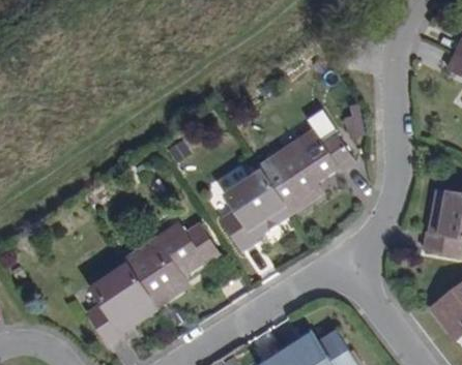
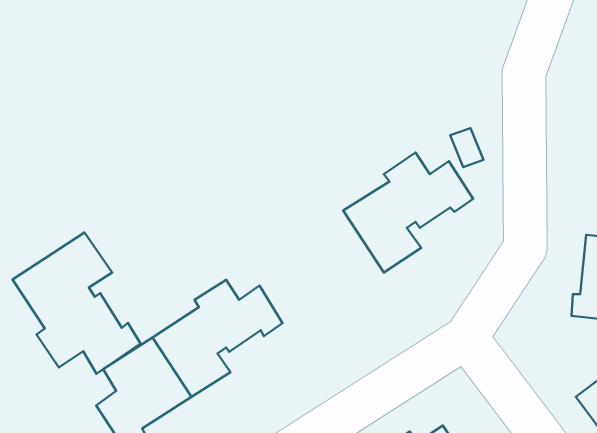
building: [223,173,291,253] -> none
building: none -> [12,232,141,374]

